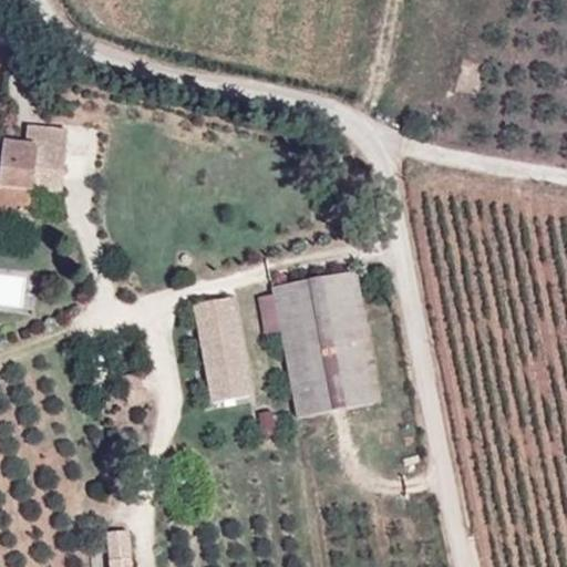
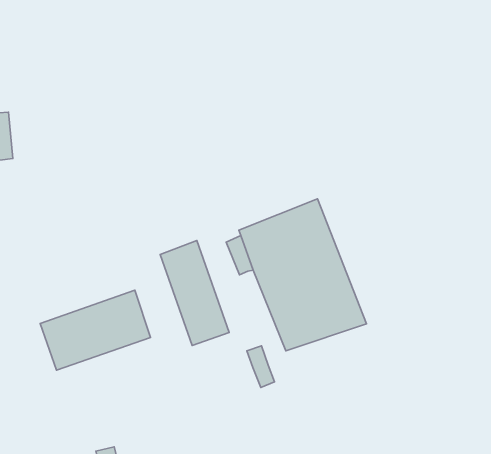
building: none -> [40,290,150,370]

